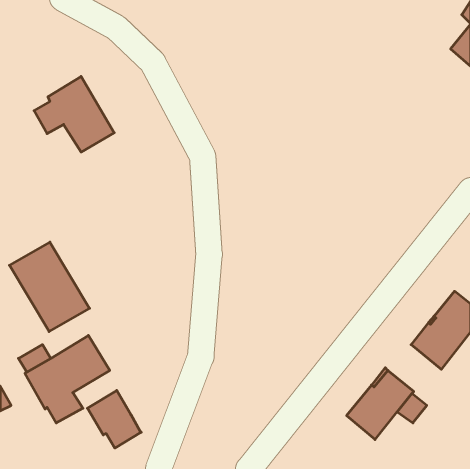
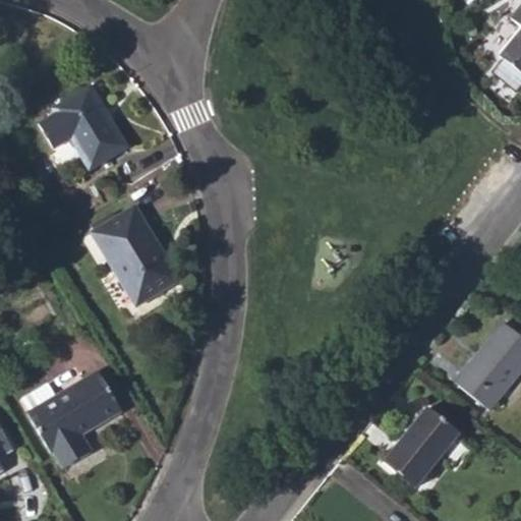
building: [9,242,90,332] -> [92,206,180,304]
building: [87,390,141,448] -> none

